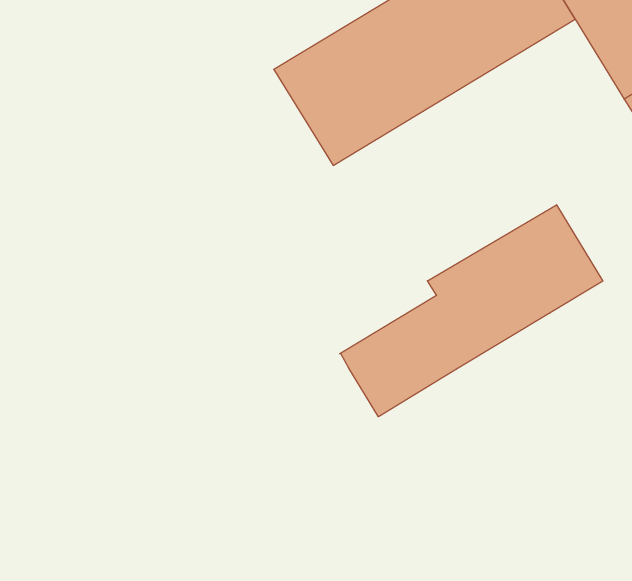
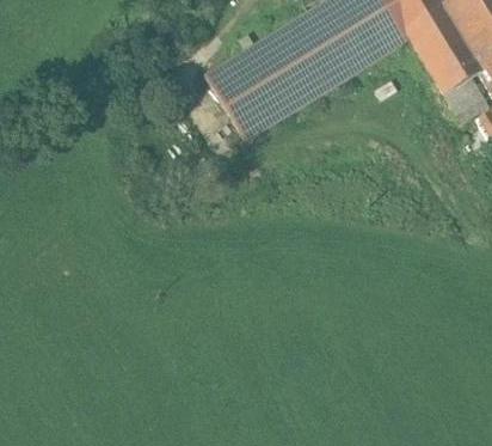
building: [340,205,603,417] -> none

